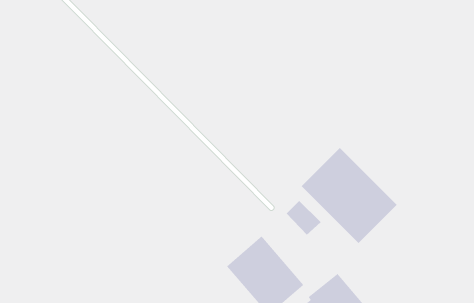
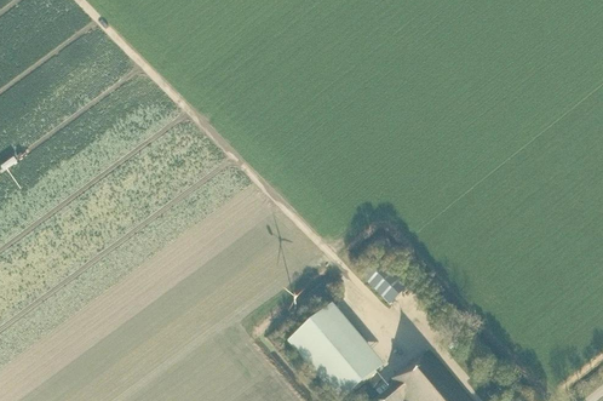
building: [301,147,397,244] -> none

